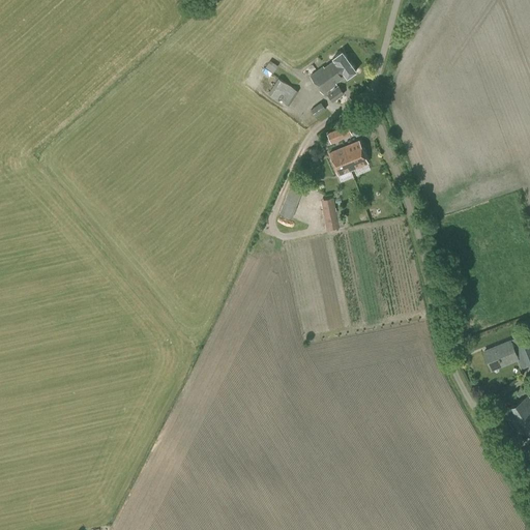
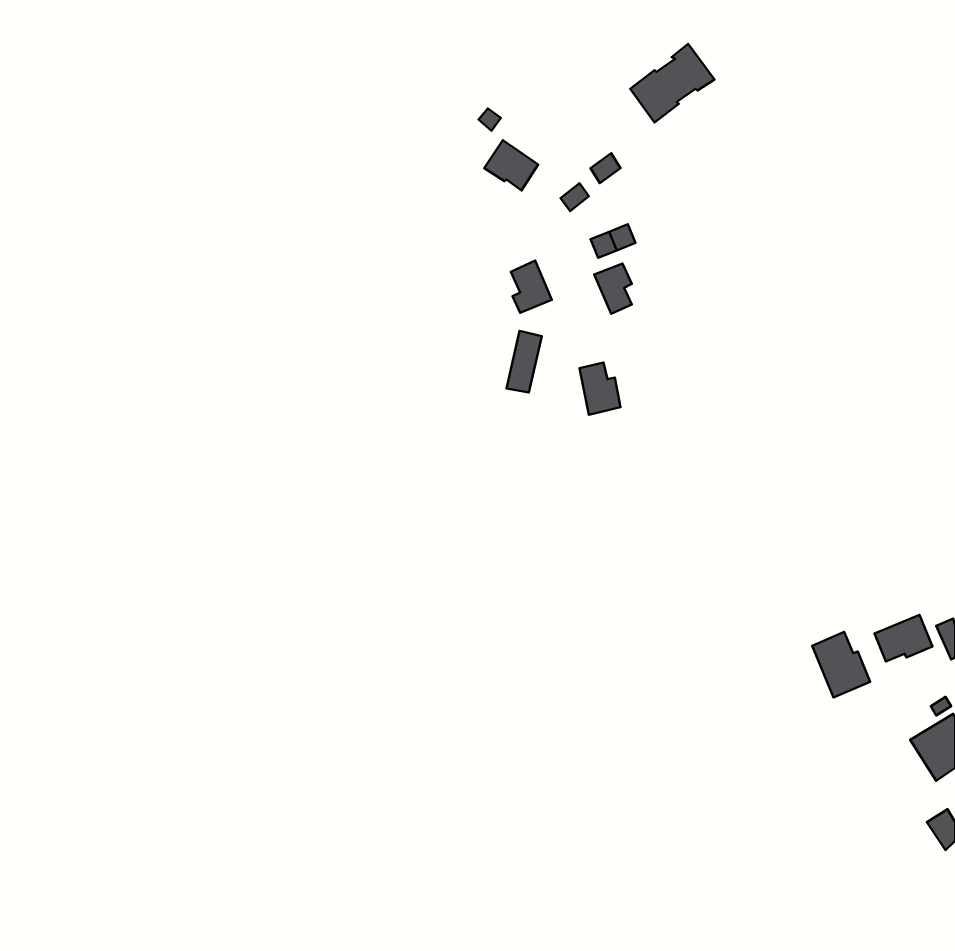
building: [310,53,356,96] -> [630,44,714,122]
building: [345,142,367,171] -> [511,261,552,313]
building: none -> [812,632,870,697]

